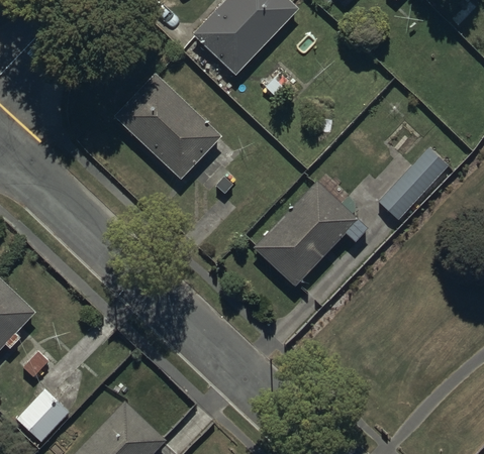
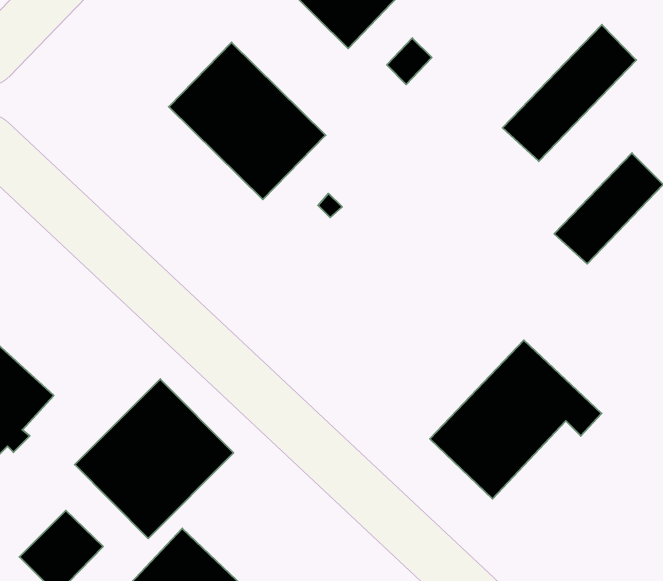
building: none -> [503,25,636,161]
building: [254,180,370,287] -> [430,340,602,499]
building: none -> [75,379,233,538]

